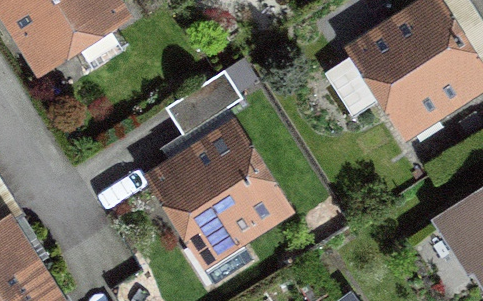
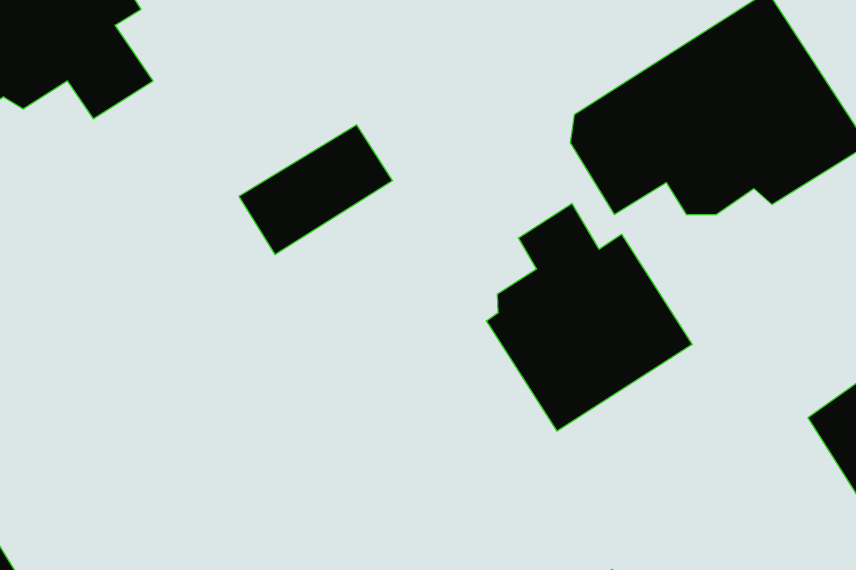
building: none -> [486,204,692,431]
building: [159,131,279,281] -> none

